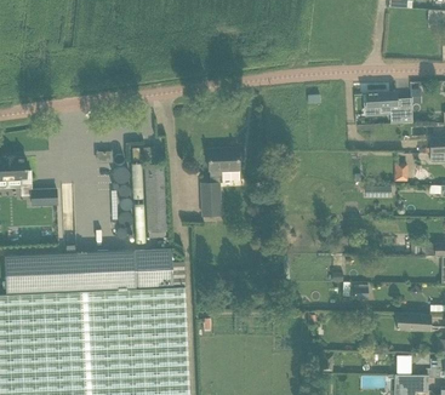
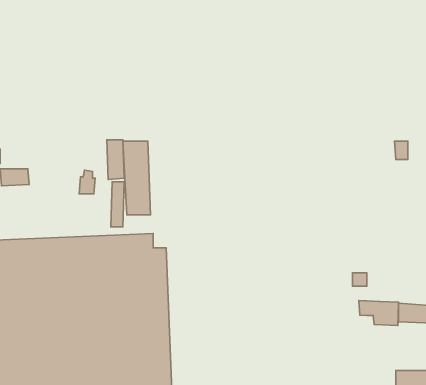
building: [366,92,413,124] -> none
building: [201,149,243,217] -> none
building: none -> [359,301,399,325]

